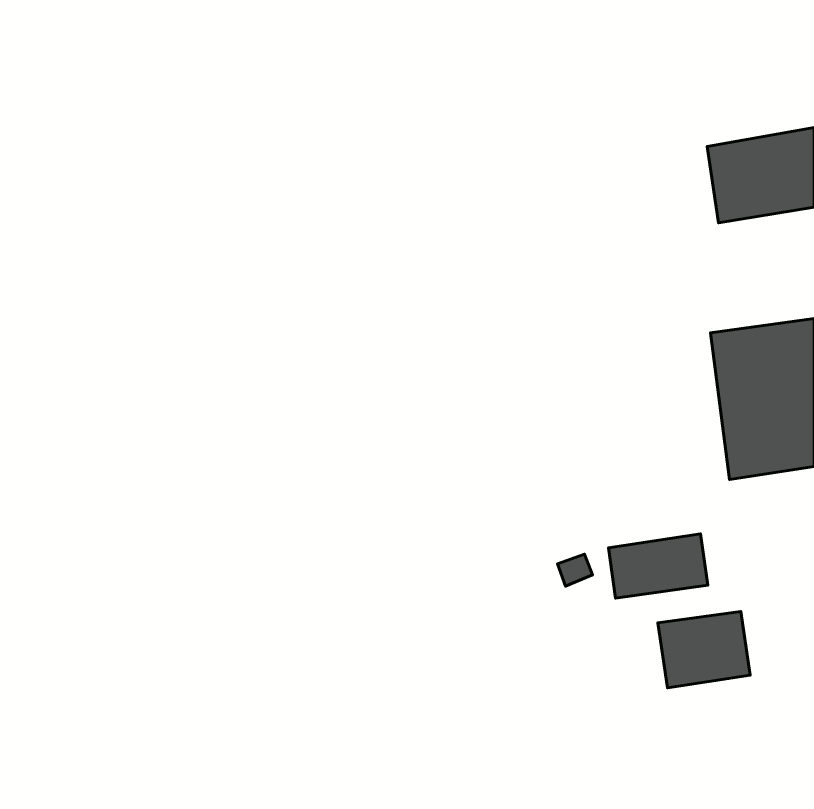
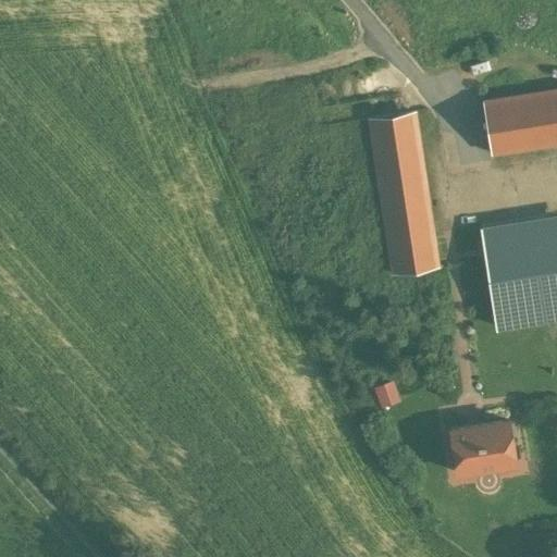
building: none -> [370,114,435,274]
building: [608,534,708,598] -> none

